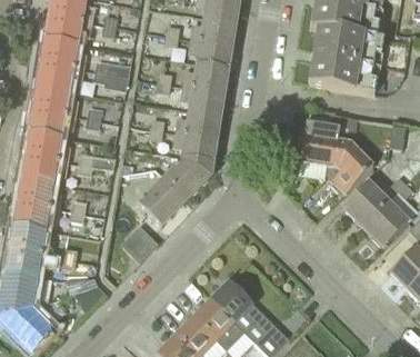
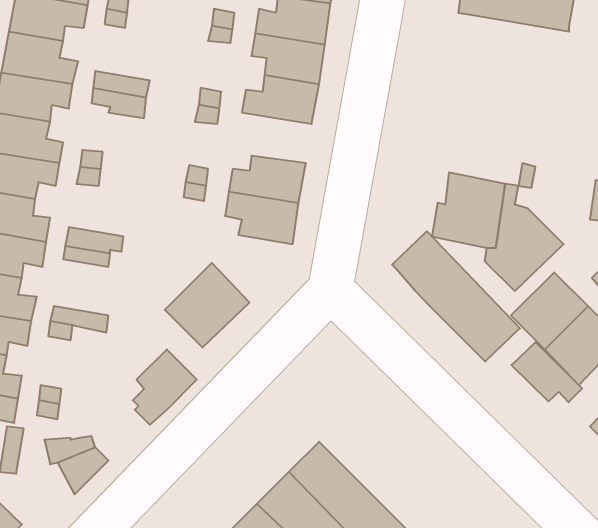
building: [309,28,383,93] -> none
building: [181,86,224,116] -> none
building: none -> [392,231,520,362]
building: [166,158,213,198] -> none
building: none -> [511,342,582,402]

